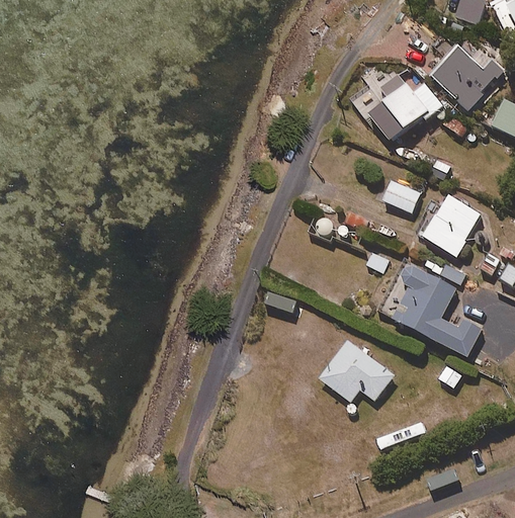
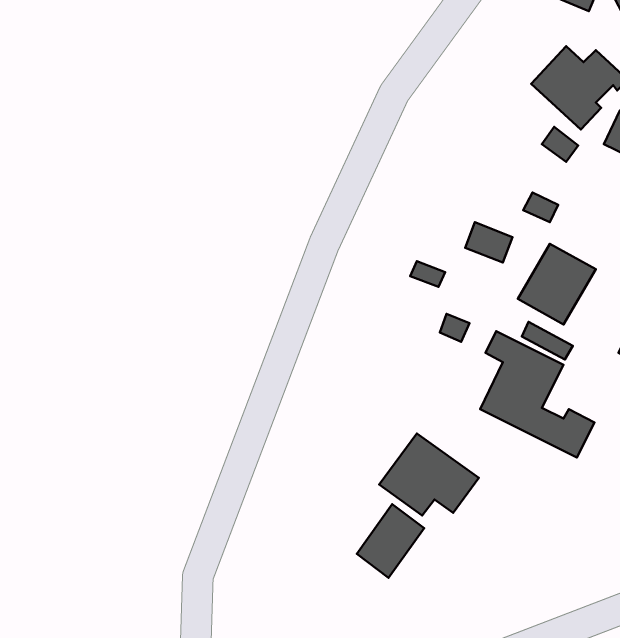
building: [368,71,441,142] -> none
building: none -> [357,504,424,578]

